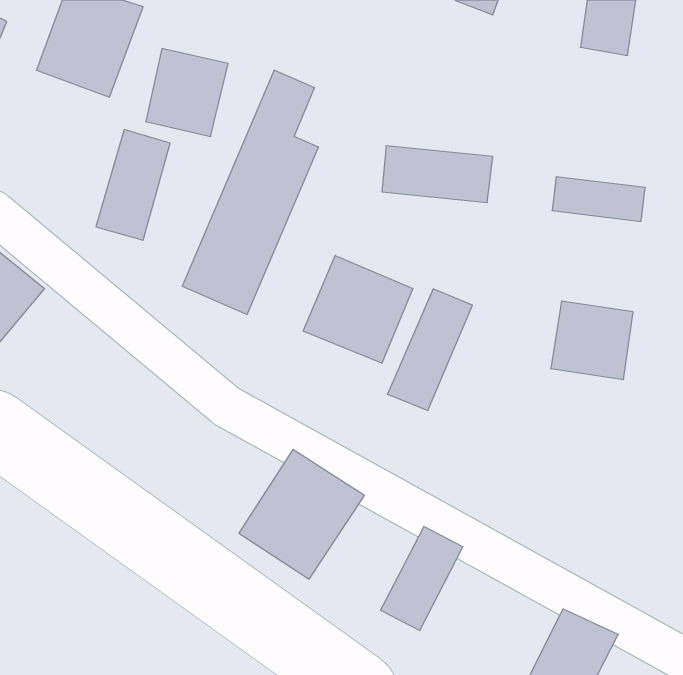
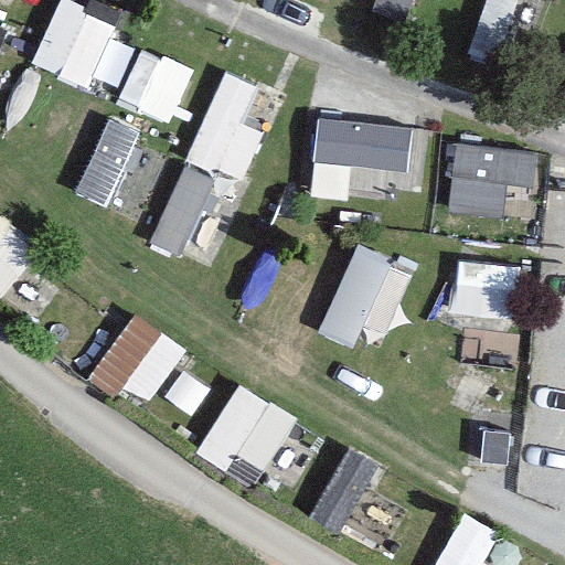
building: [303,255,413,363] -> none
building: none -> [92,310,185,405]

